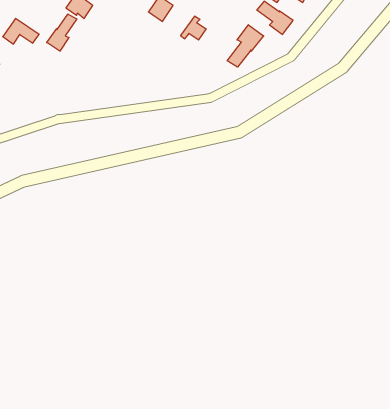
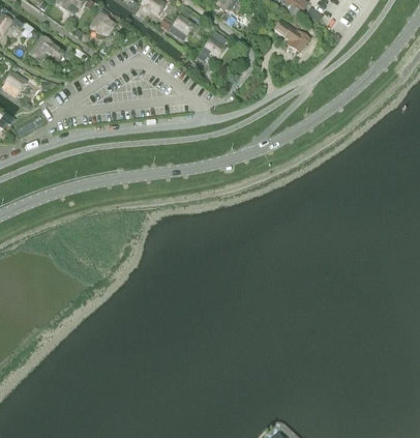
building: [47,14,77,51] -> none
building: [227,25,264,67] -> none

